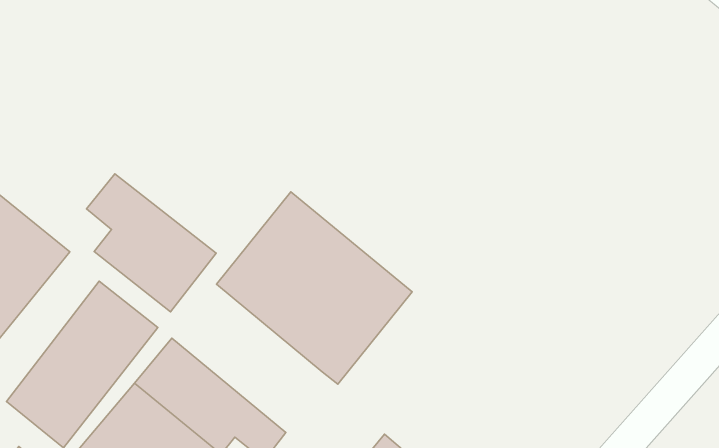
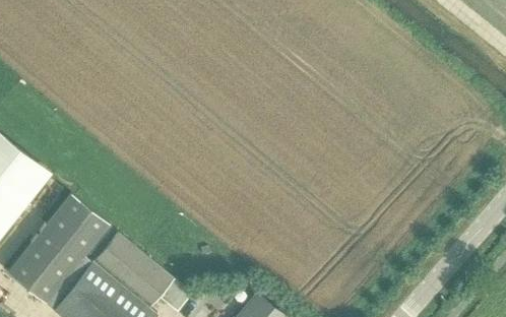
building: [86,174,216,312] -> none
building: [217,192,412,384] -> none

